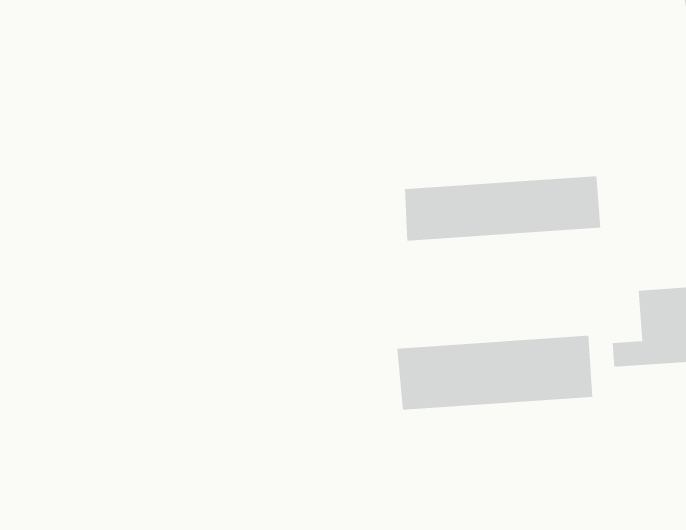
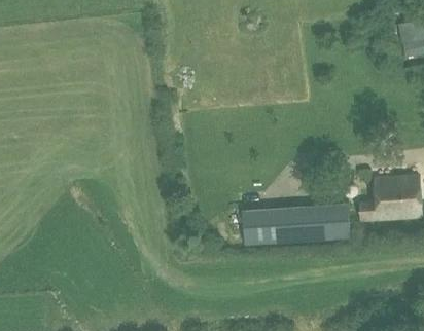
building: [405,176,601,241] -> none

